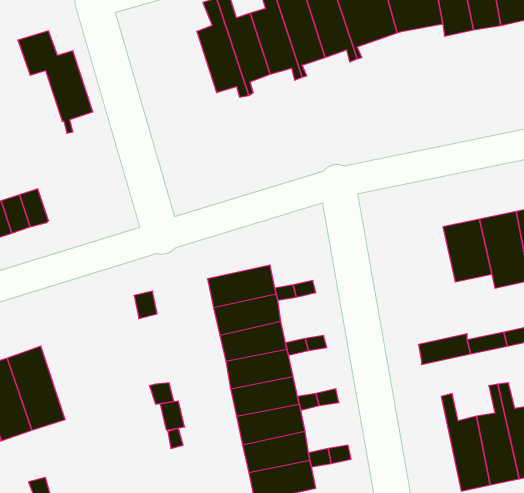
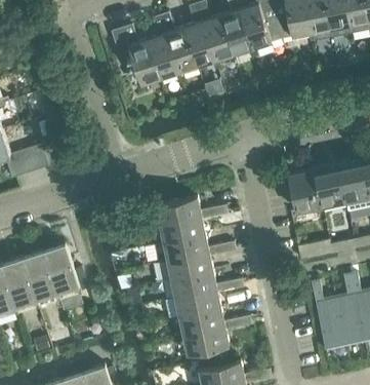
building: [18,31,93,133] -> [111,25,161,93]
building: none -> [288,169,321,211]
building: none -> [43,243,80,299]

